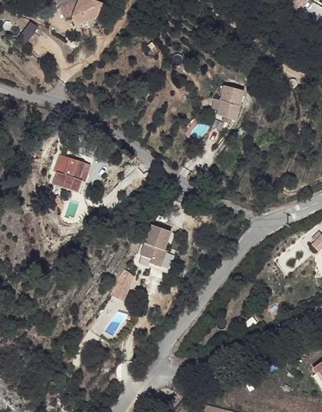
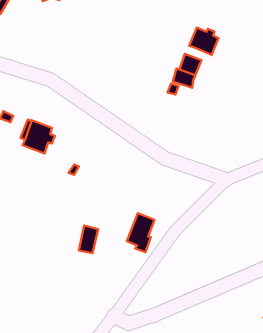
building: none -> [189,27,218,55]
building: [139,225,169,267] -> [127,213,155,252]

